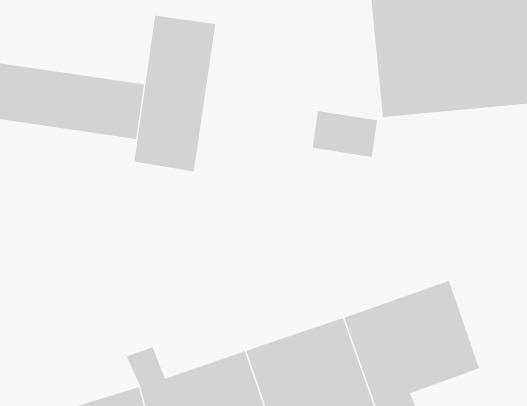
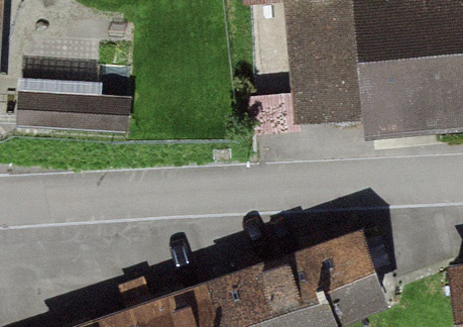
building: [134,15,216,172] -> none

